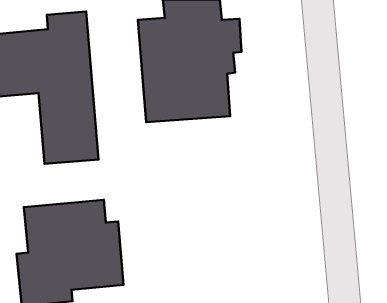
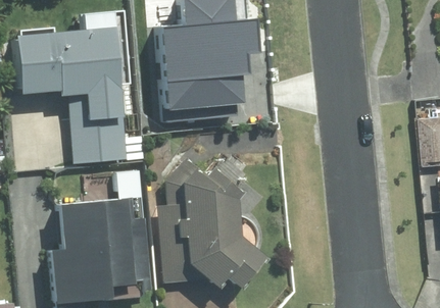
building: none -> [161,160,264,291]

